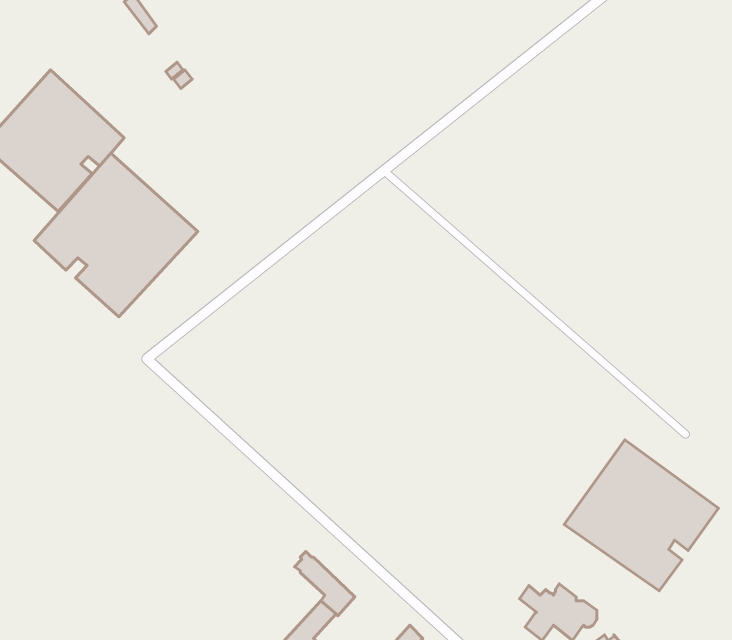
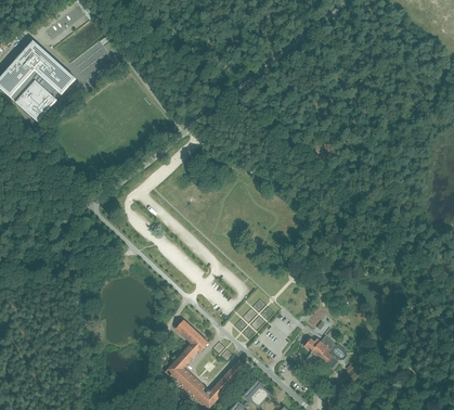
building: [34,153,198,317] -> none
building: [564,440,718,591] -> none

